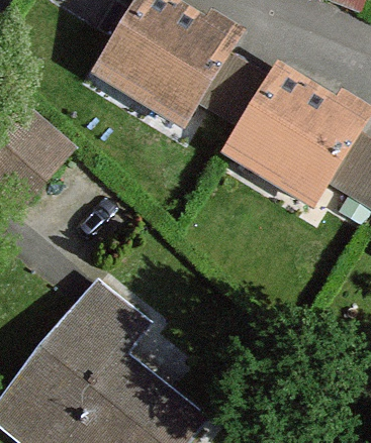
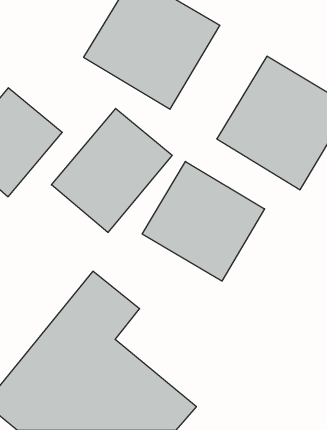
building: none -> [51,108,172,232]
building: none -> [142,161,265,281]

